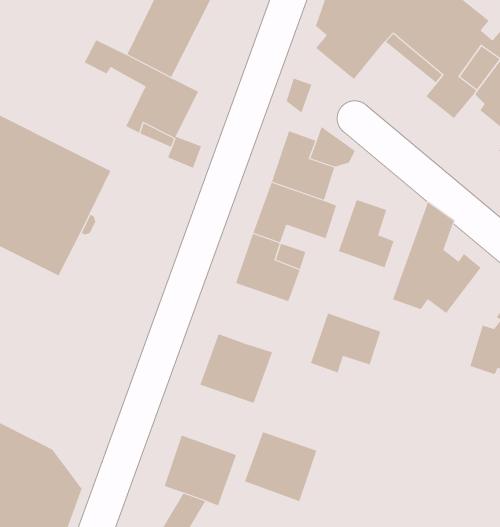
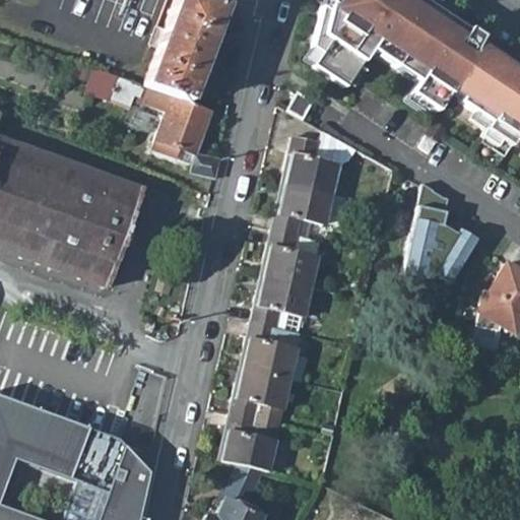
building: [338,199,394,268] -> none
building: [310,313,381,373] -> [253,275,312,327]
building: [244,432,317,502] -> [231,368,291,426]

